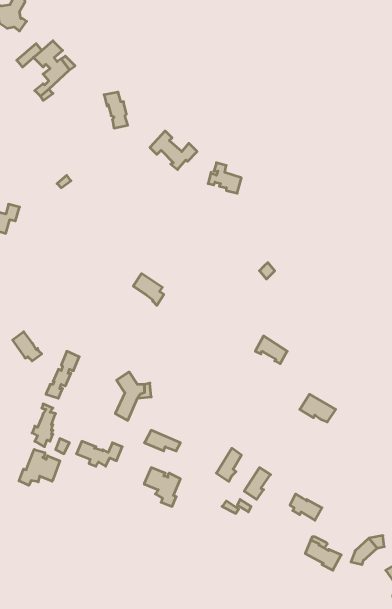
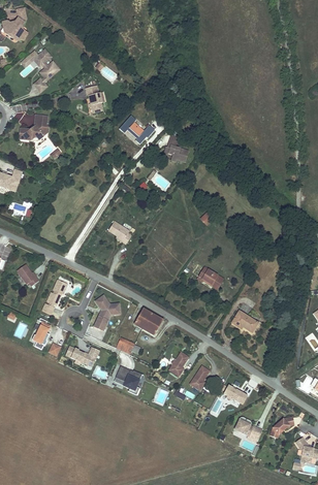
building: none -> [19,116,50,140]
building: none -> [134,308,163,334]
building: [19,449,60,485] -> none

